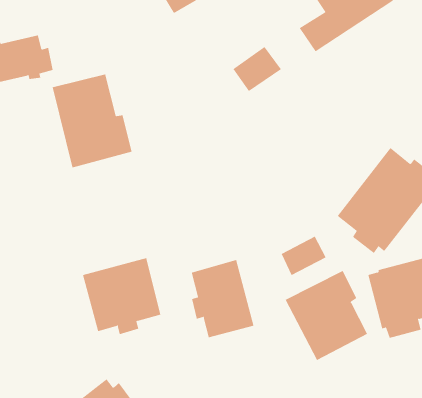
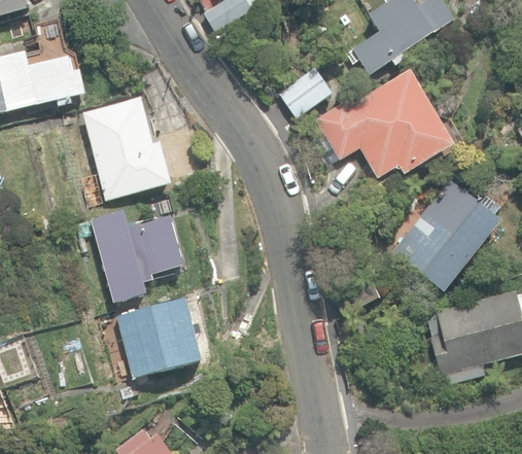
building: none -> [315,70,453,177]
building: none -> [91,209,184,302]
building: [191,259,254,338] -> none
building: [285,270,368,361] -> none

